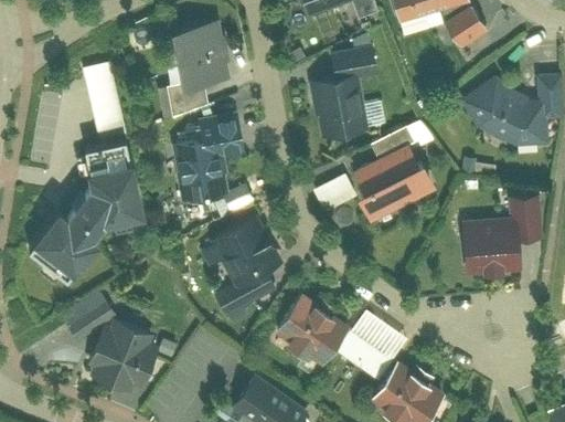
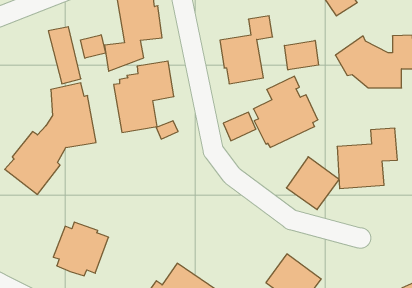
building: none -> [81,35,105,58]
building: none -> [284,40,318,70]
building: [212,217,284,316] -> none
building: [274,291,350,366] -> none
building: [68,292,116,344] -> none
building: [338,310,407,380] -> [286,157,339,210]

